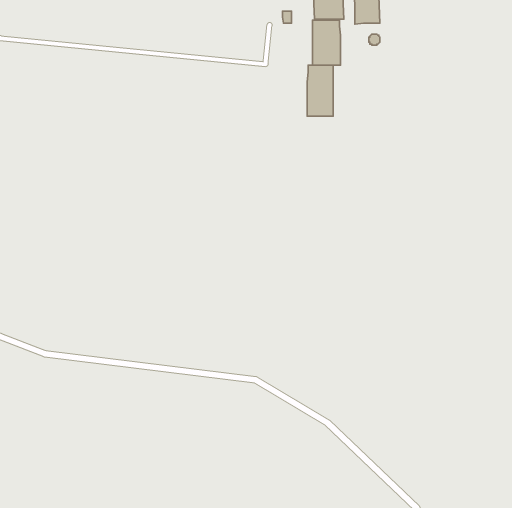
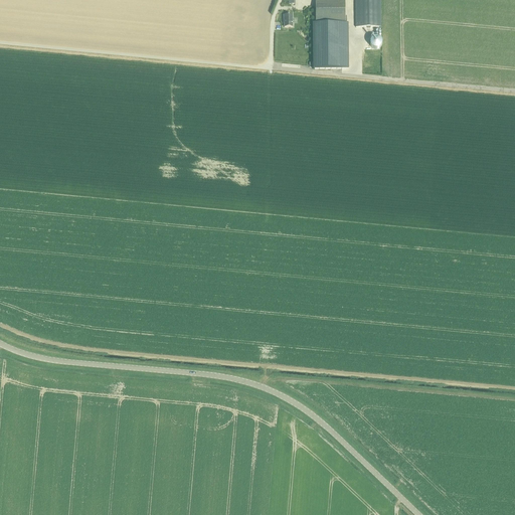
building: [307,65,333,116] -> none

